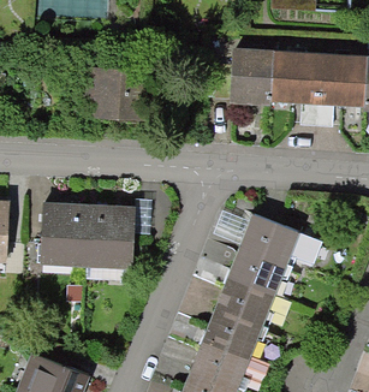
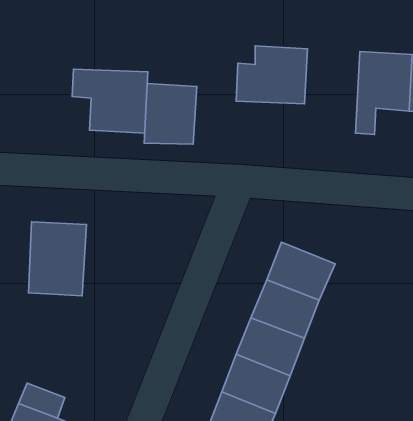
building: [273,54,319,124] -> none
building: none -> [144,83,197,144]
building: [89,200,137,261] -> none

